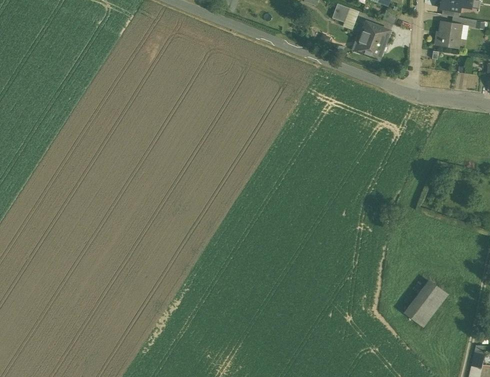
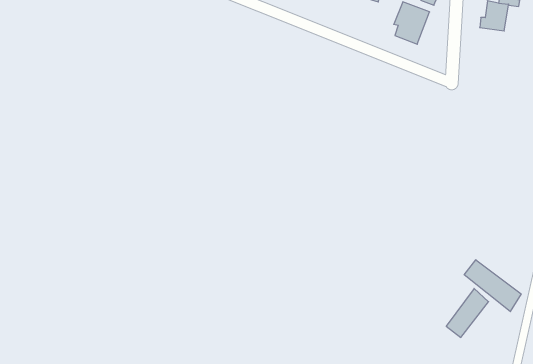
building: none -> [464,260,521,312]

